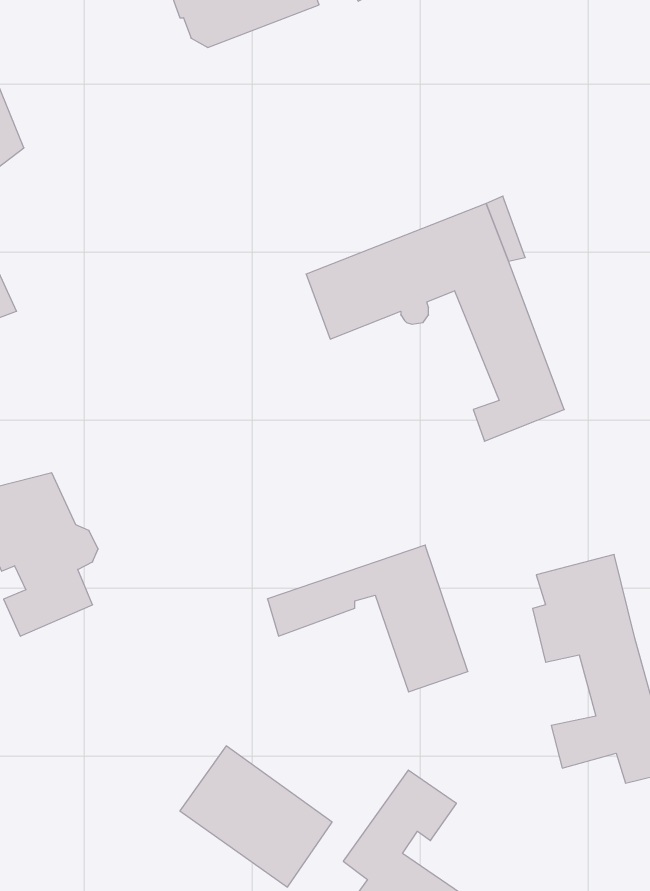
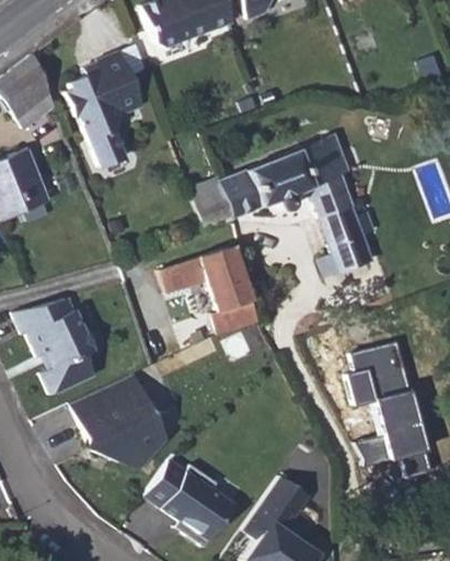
building: none -> [67,48,142,164]
building: none -> [191,178,235,230]
building: [267,545,468,692] -> [141,245,259,332]
building: none -> [70,376,160,463]

